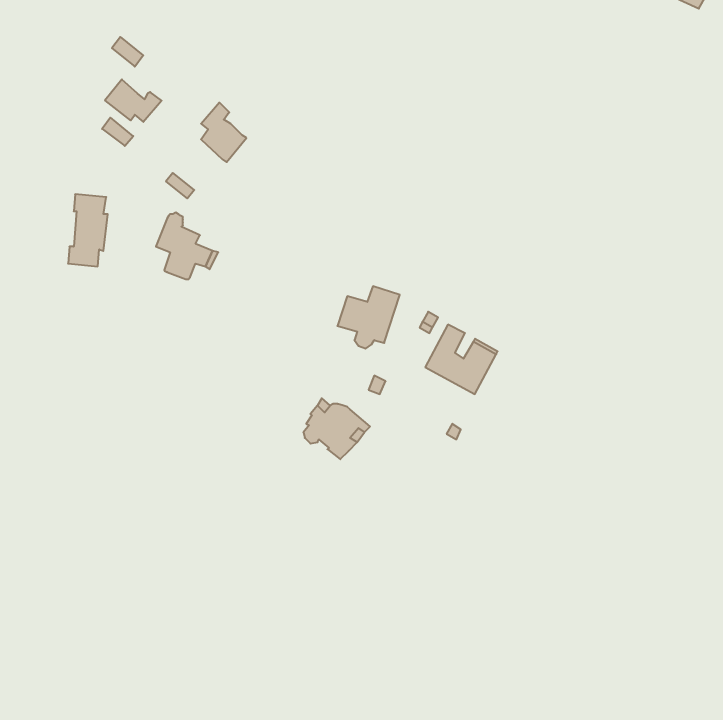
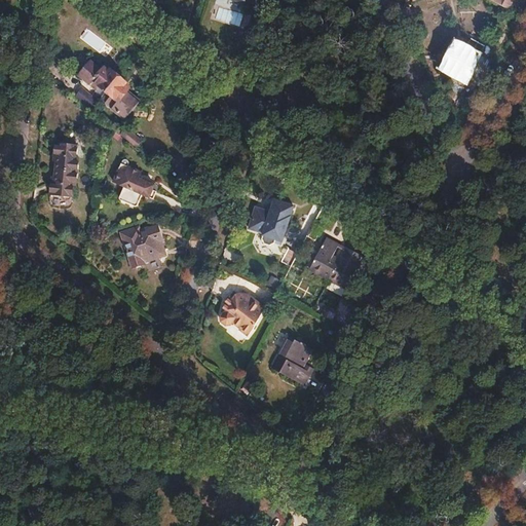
building: none -> [445,44,473,74]
building: [201,103,246,162] -> [104,73,137,116]
building: none -> [122,223,159,267]
building: none -> [271,335,311,383]

